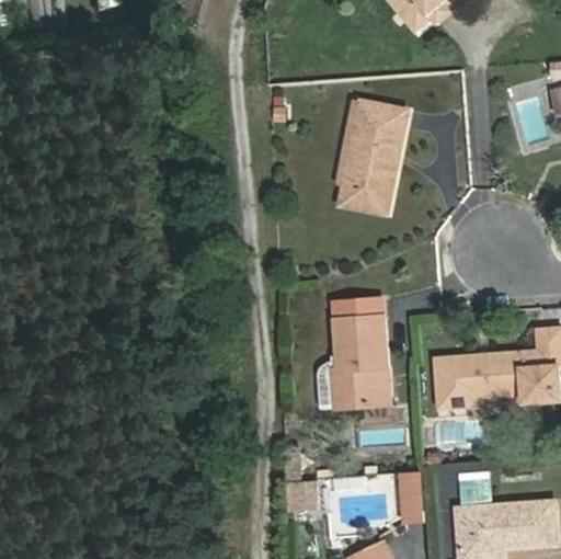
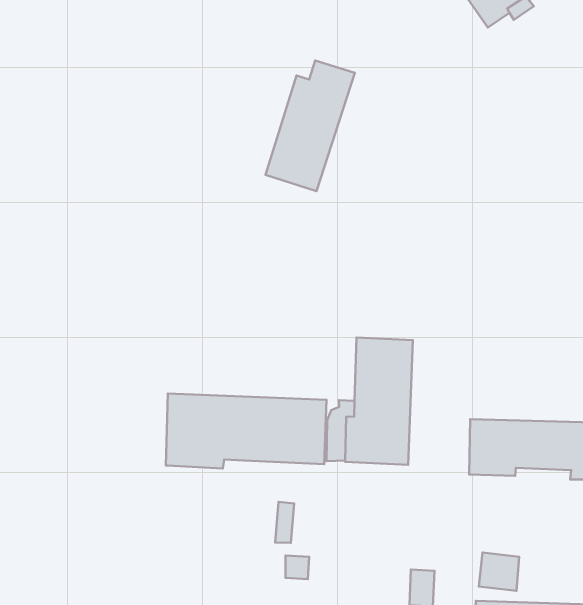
building: [341,103,405,212] -> [265,60,355,191]
building: none -> [166,394,326,468]

